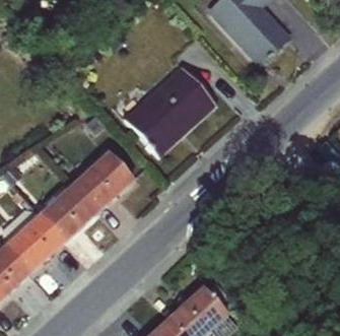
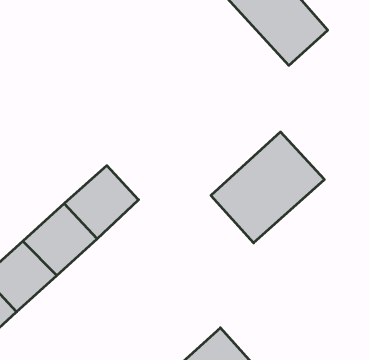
building: [125,64,219,156] -> [211,132,324,243]

